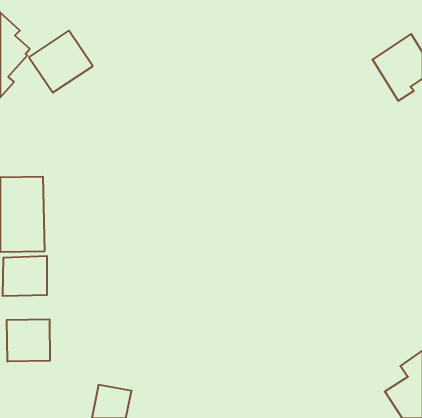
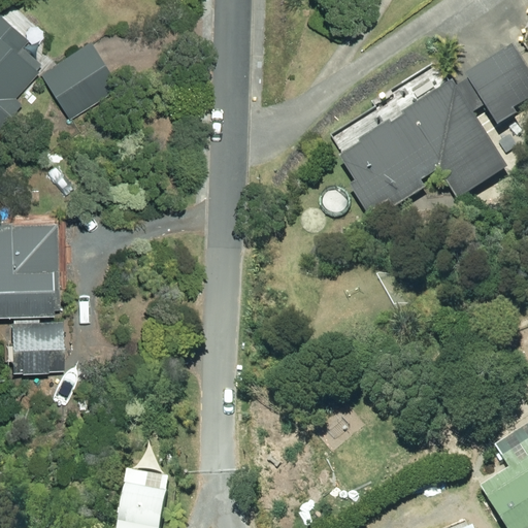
building: none -> [338,81,508,211]
building: [7,319,50,362] -> none

